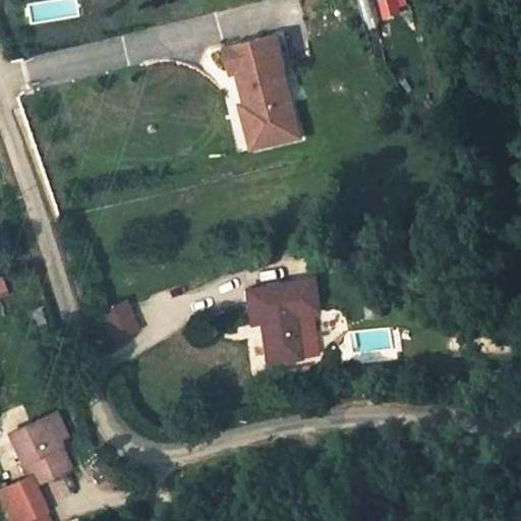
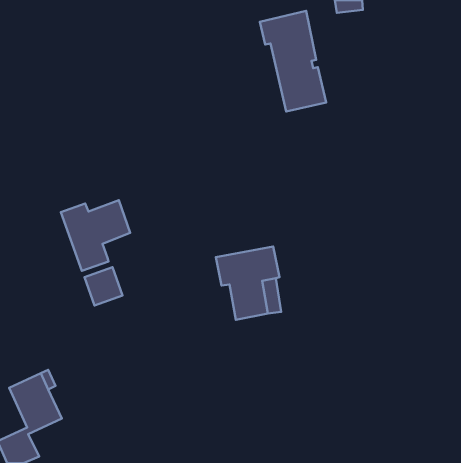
building: [229,39,303,152] -> [260,11,326,112]
building: none -> [61,200,130,271]

